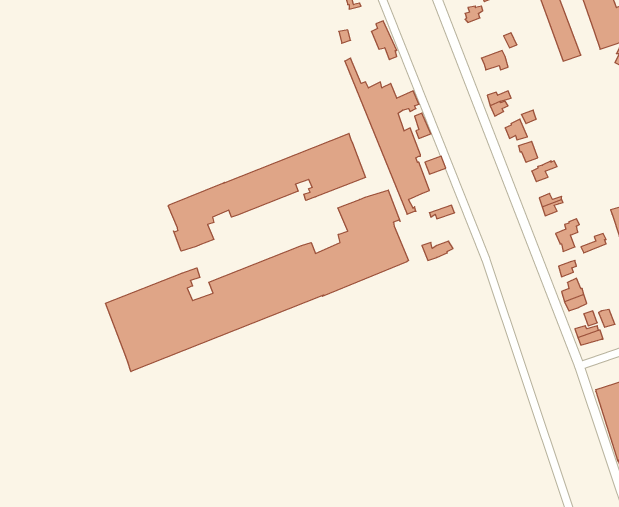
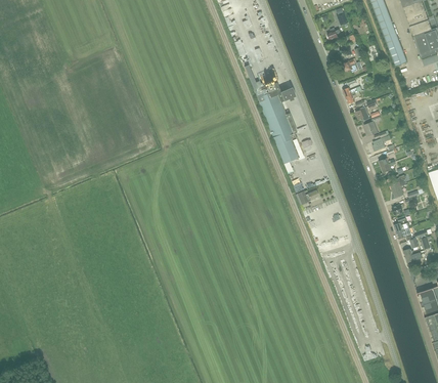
building: [168,133,365,251] -> none
building: [105,190,408,372] -> none

